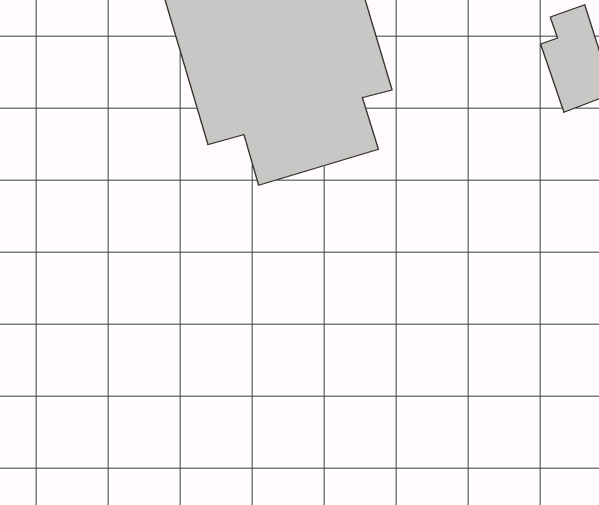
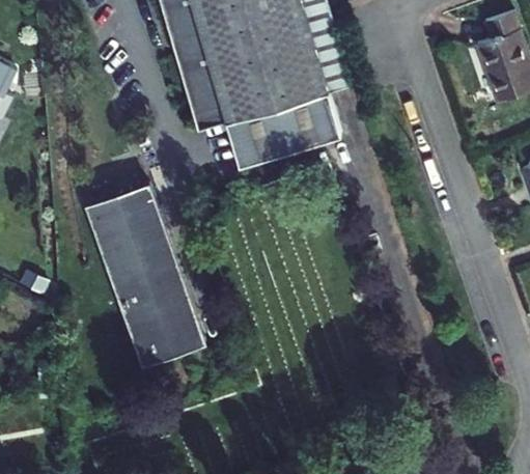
building: none -> [87,186,202,363]

